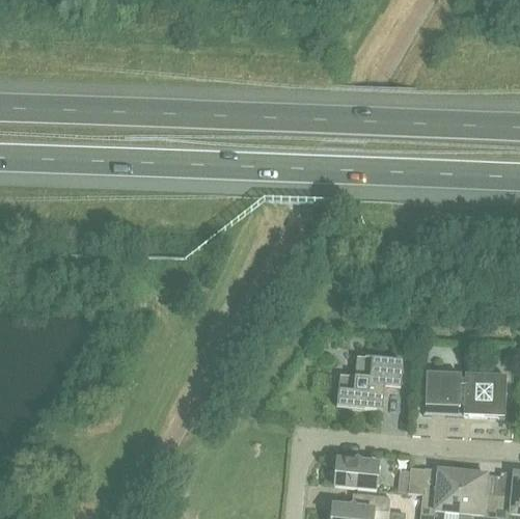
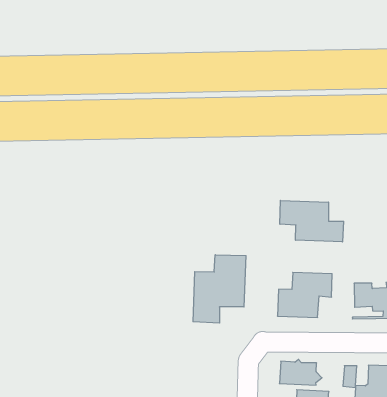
building: none -> [280,200,344,242]
building: none -> [193,255,246,323]

